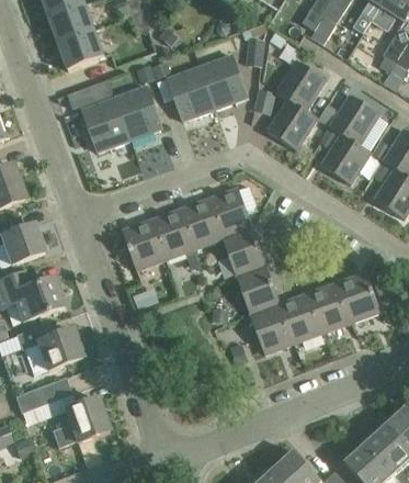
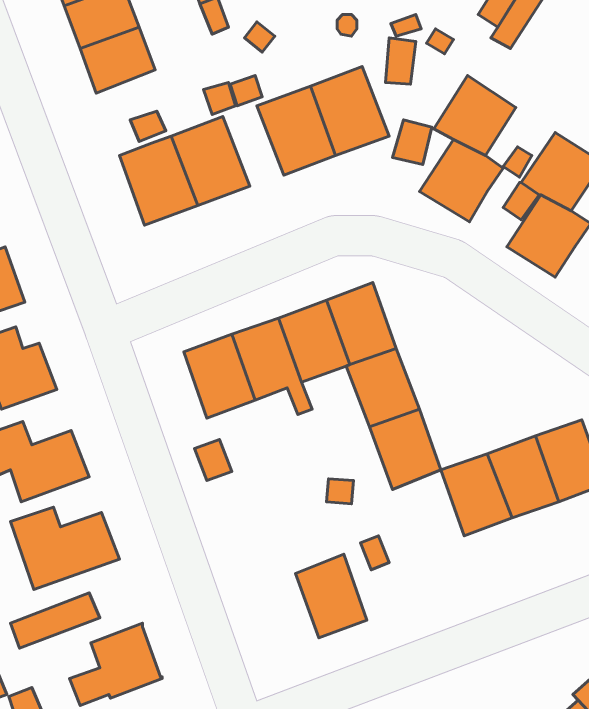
building: [250,302,294,353] -> [295,554,367,638]

